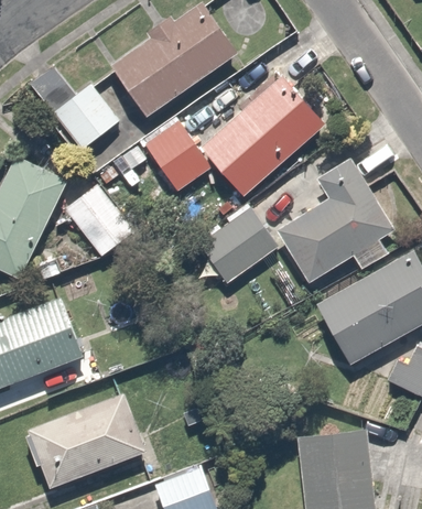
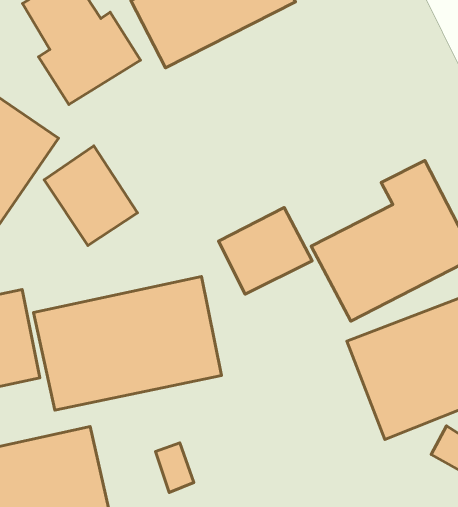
building: [204,78,326,198] -> none
building: [139,117,212,192] -> none
building: none -> [33,277,222,410]

